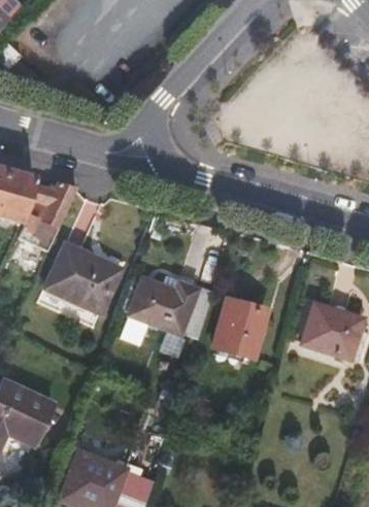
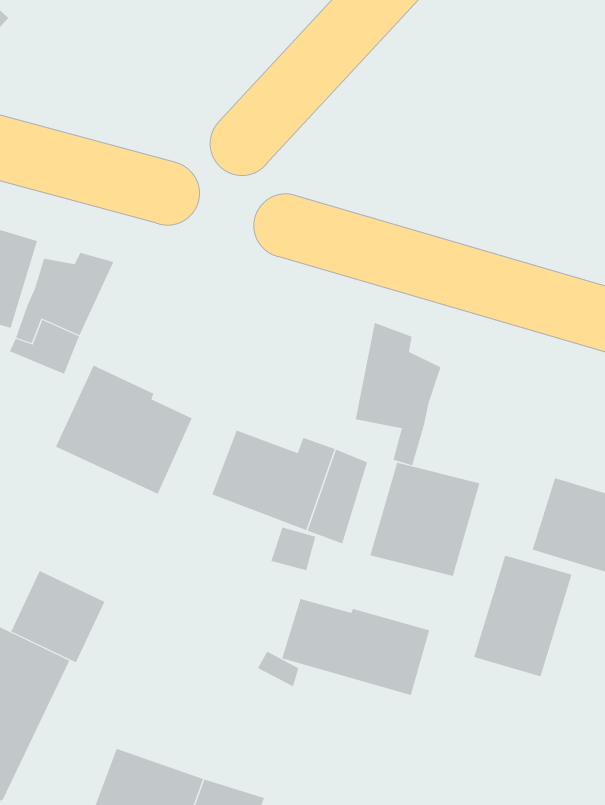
building: none -> [355,322,441,466]
building: none -> [473,555,572,677]
building: none -> [11,570,105,663]
building: none -> [281,598,430,696]

